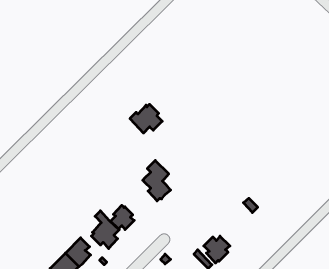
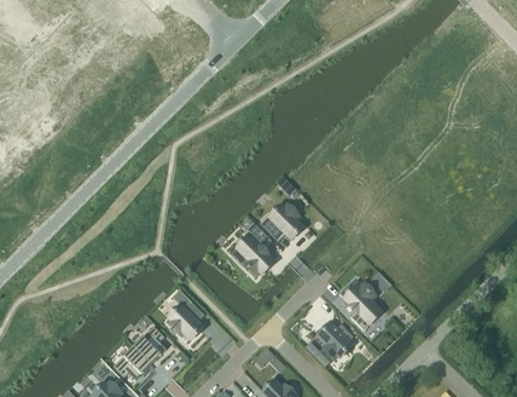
building: [130,104,162,133] -> [260,203,303,242]
building: none -> [339,280,379,329]
building: [111,205,134,230] -> none

